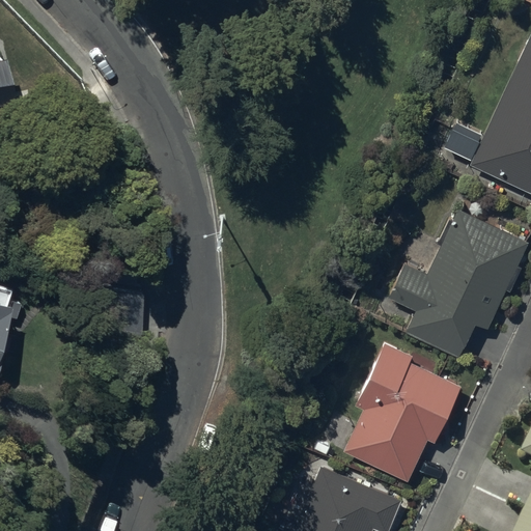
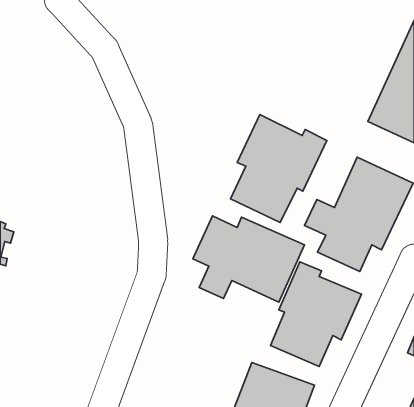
building: none -> [231,114,327,223]
building: none -> [193,216,305,302]

